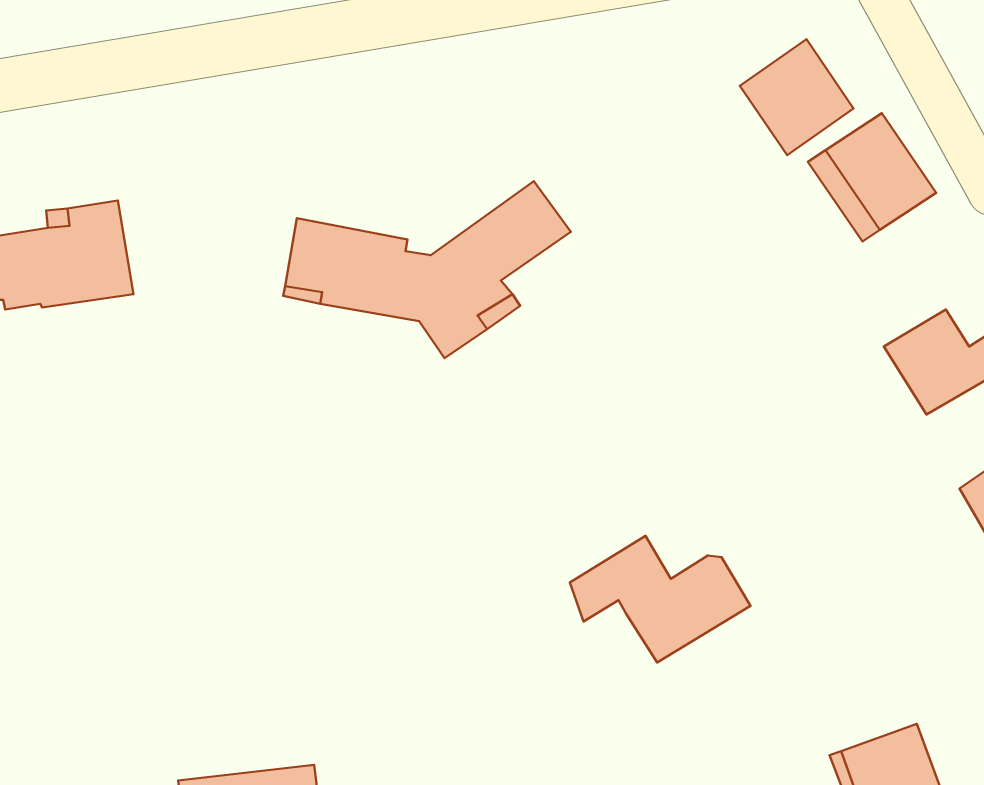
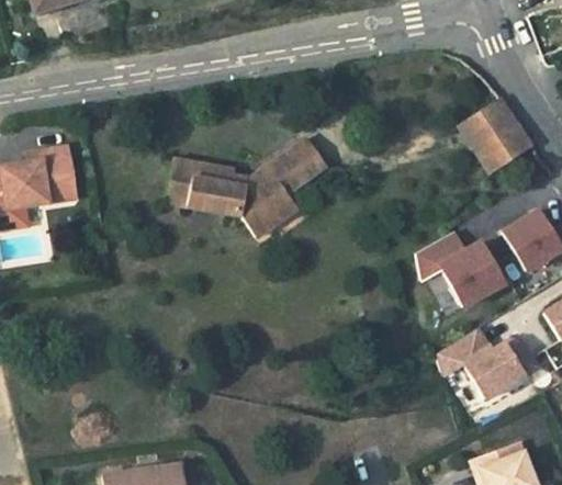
building: [740,39,854,155] -> none
building: none -> [417,232,504,306]
building: [570,536,751,662] -> [437,327,539,398]

